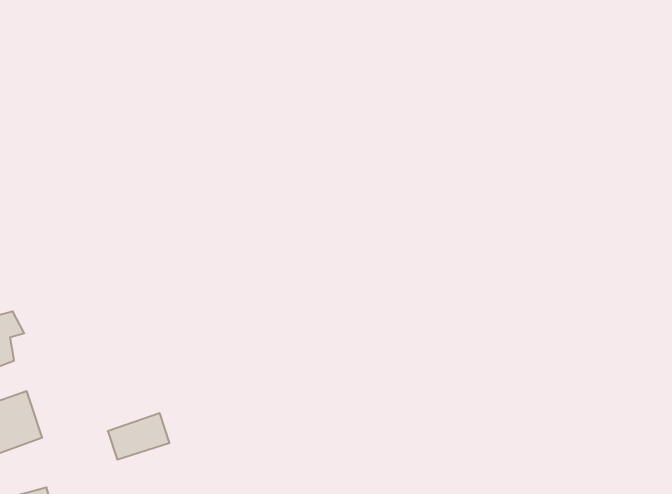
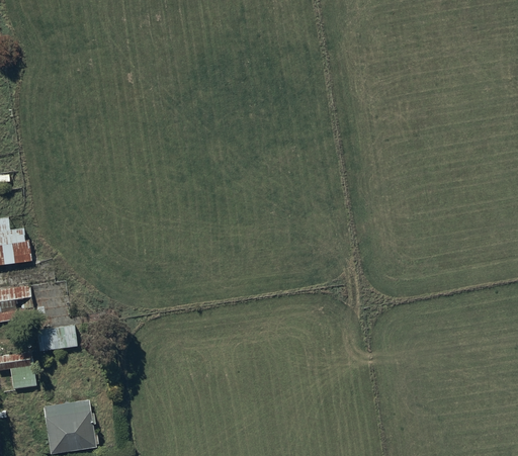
building: [108,413,169,459] -> [38,326,79,352]

